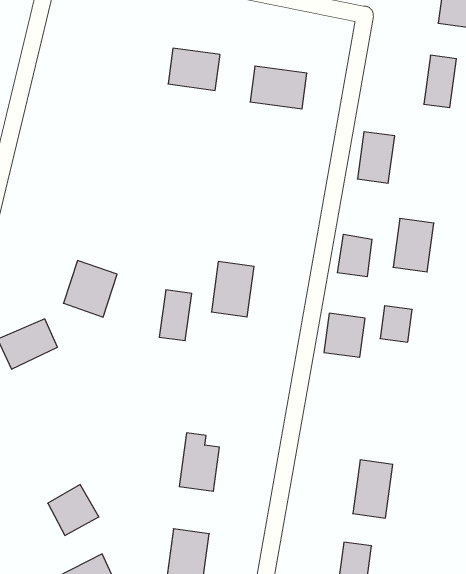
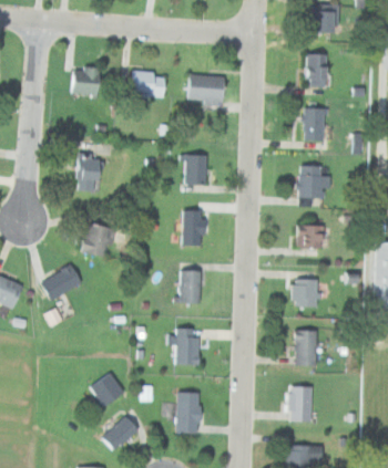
building: none -> [71,67,99,95]
building: [357,132,395,183] -> [304,108,325,141]
building: none -> [76,156,100,190]
building: none -> [183,155,206,185]
building: [337,234,372,277] -> none
building: [159,290,192,341] -> [177,270,195,302]
building: [324,313,365,357] -> [293,279,317,305]

